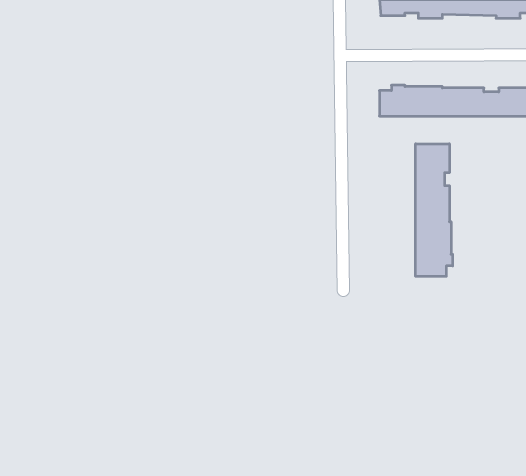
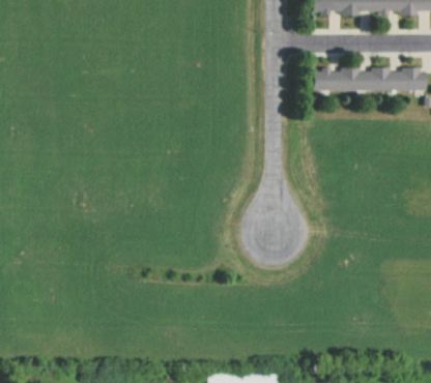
building: [416,144,453,276] -> none

